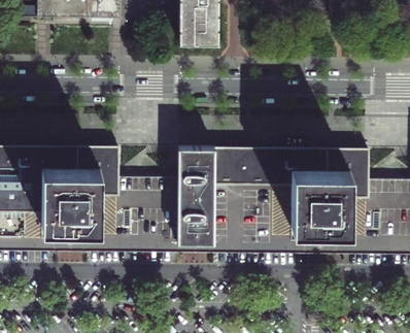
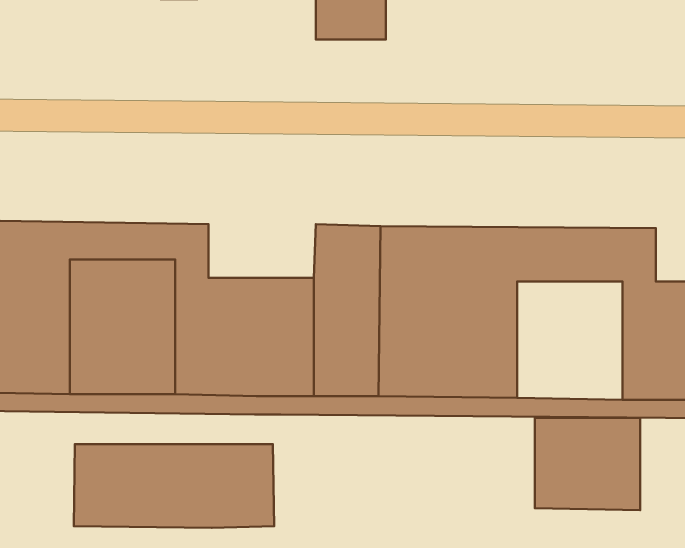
building: [291,178,349,230] -> [535,418,640,510]
building: none -> [74,444,274,528]

